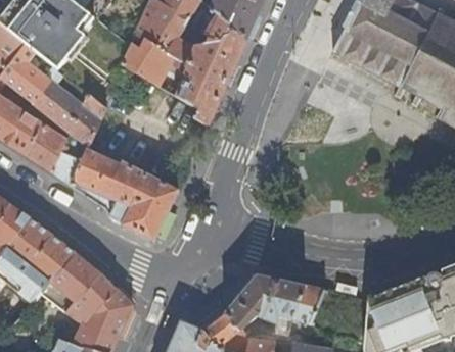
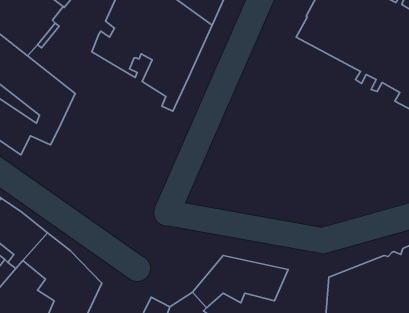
building: [48,145,178,239] -> none

